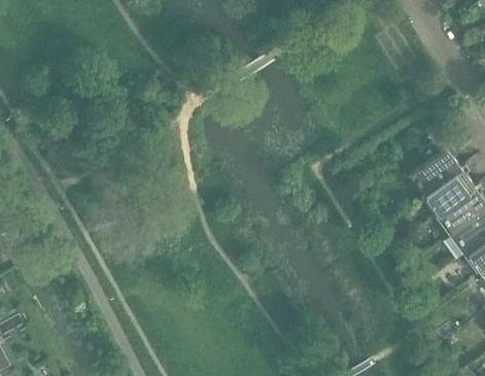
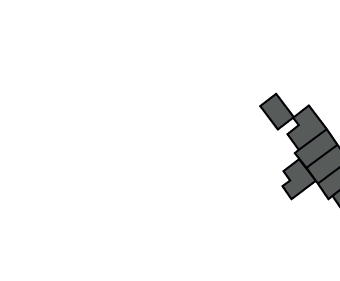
building: none -> [260,94,294,129]
building: none -> [283,159,316,199]

